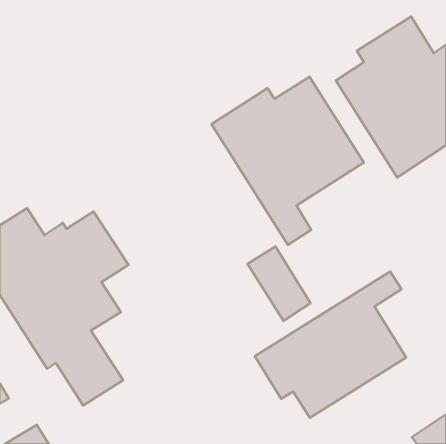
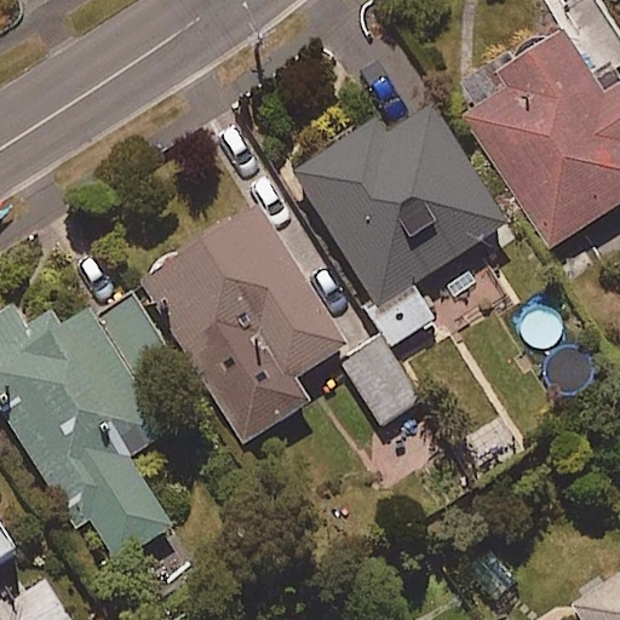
building: none -> [139,207,345,437]
building: [255,271,406,418] -> none

